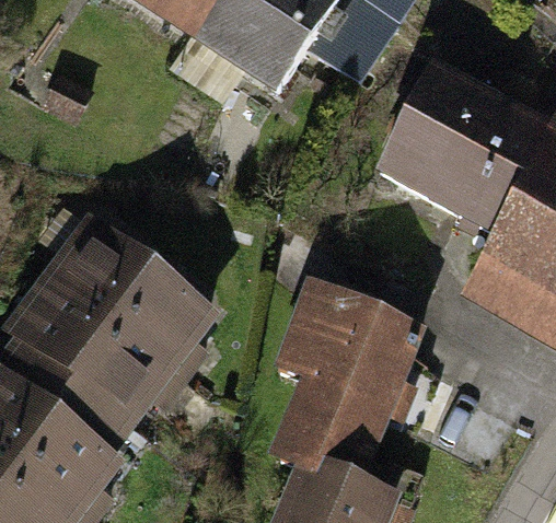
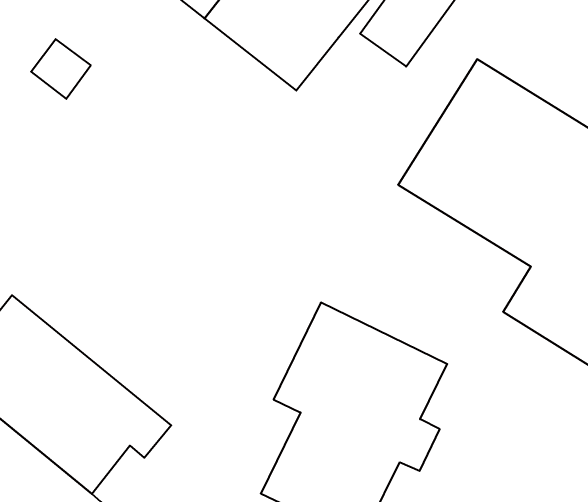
building: [34,209,222,393] -> none

